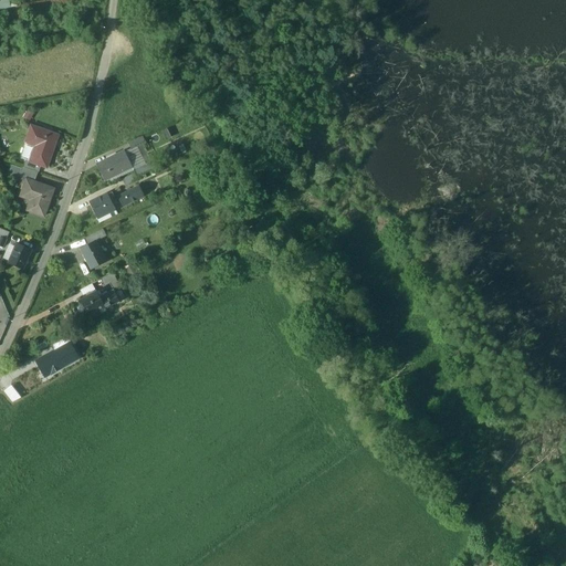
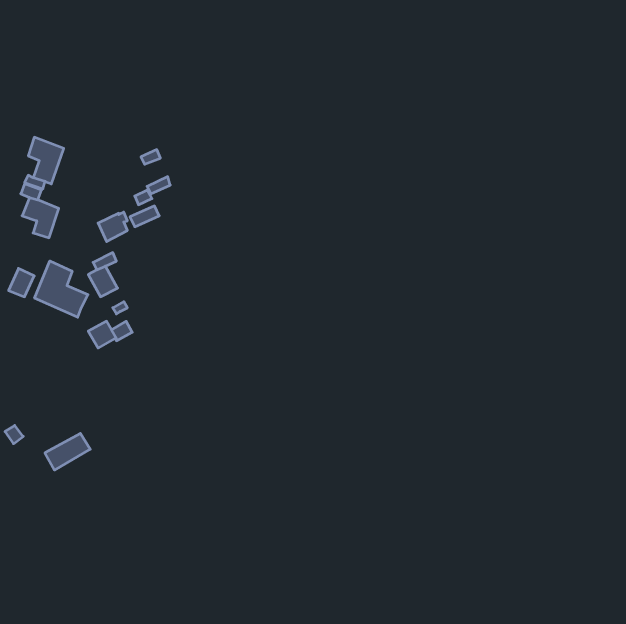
building: [96,150,132,179] -> none
building: none -> [35,261,88,317]
building: [36,342,77,375] -> [45,433,90,470]

